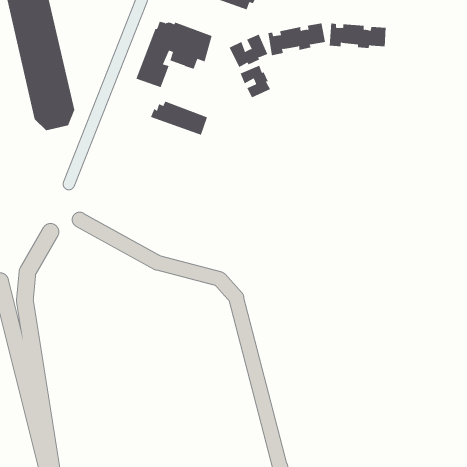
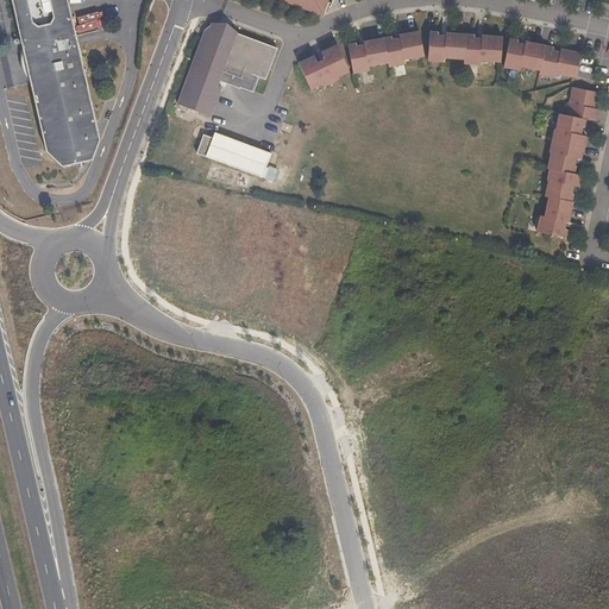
building: none -> [504,37,583,76]
building: [240,65,271,98] -> none
building: none -> [538,86,601,237]

